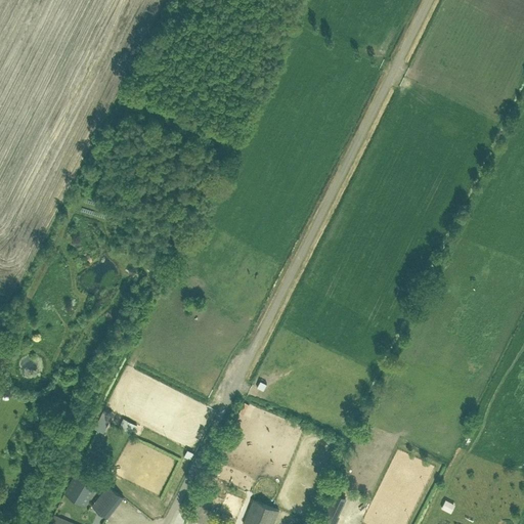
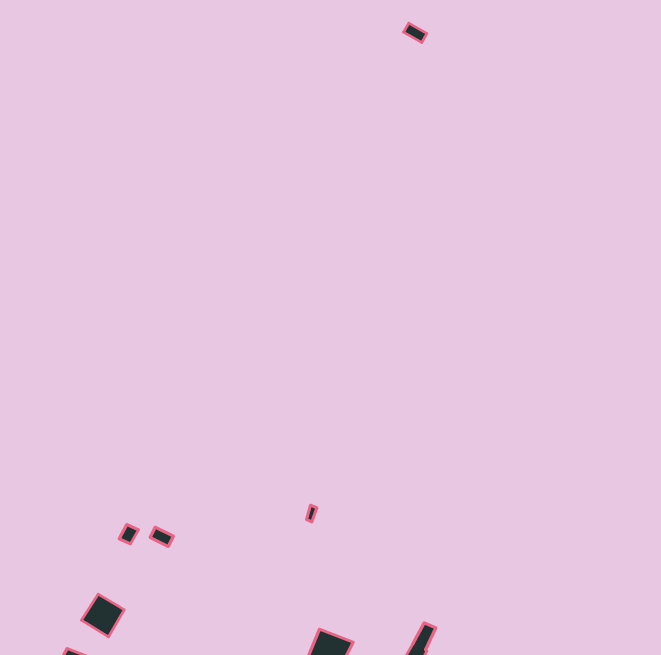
building: [92,488,120,518] -> none

